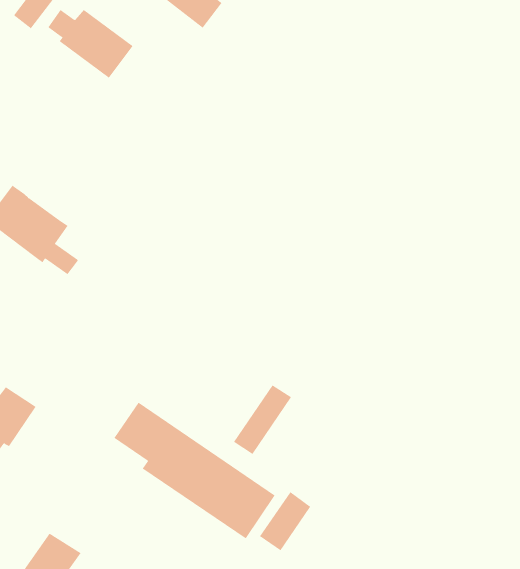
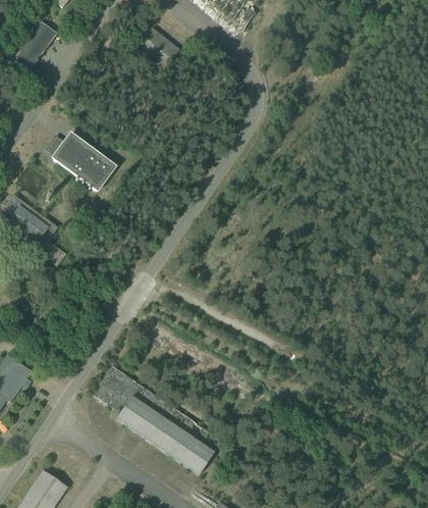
building: [47,9,134,78] -> [46,134,114,189]
building: [233,385,292,455] -> none
building: [259,491,311,551] -> none

